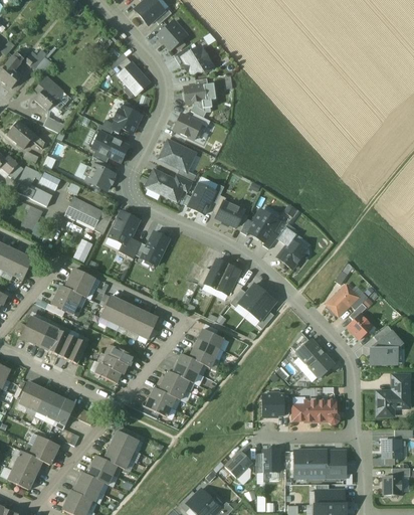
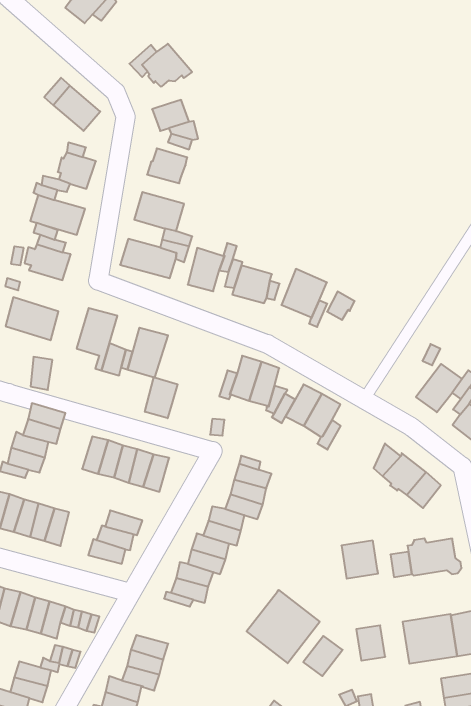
building: [157,21,186,49] -> none
building: [277,239,305,269] -> none
building: none -> [145,377,178,418]
building: none -> [247,590,320,663]

